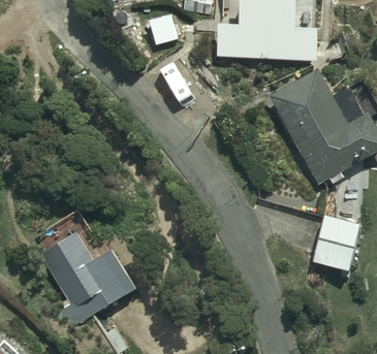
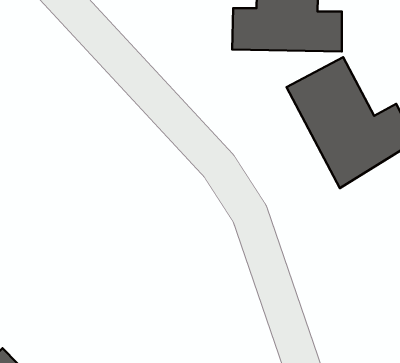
building: [311,219,357,275] -> none
building: [38,229,139,318] -> none

